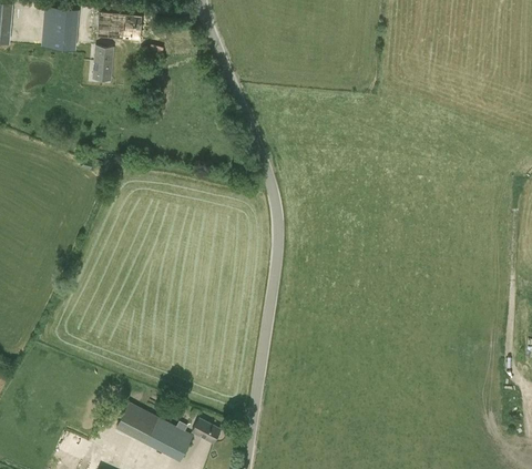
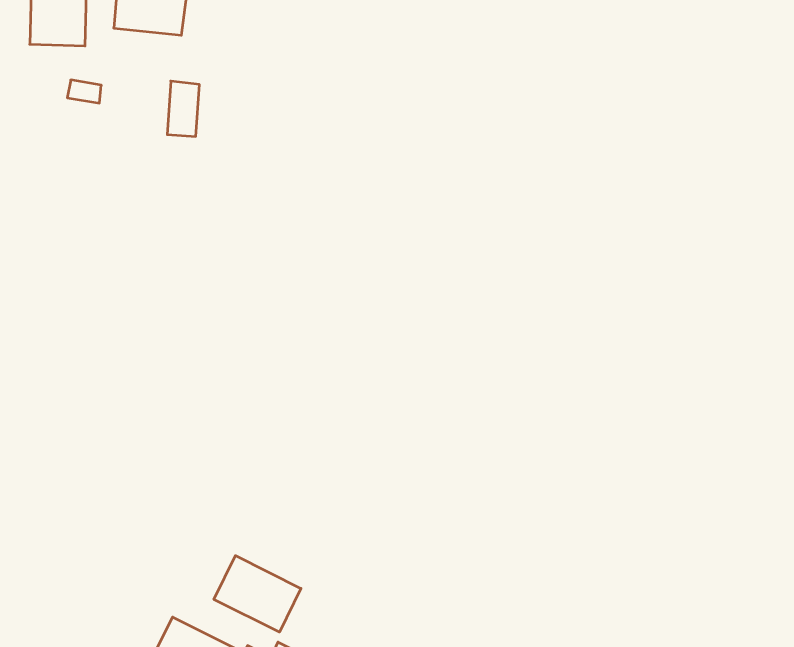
building: [92,47,112,81] -> [167,81,199,136]
building: none -> [214,556,301,632]

